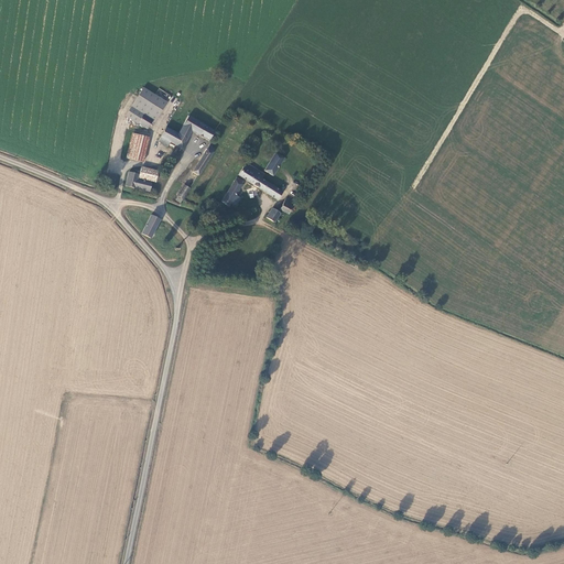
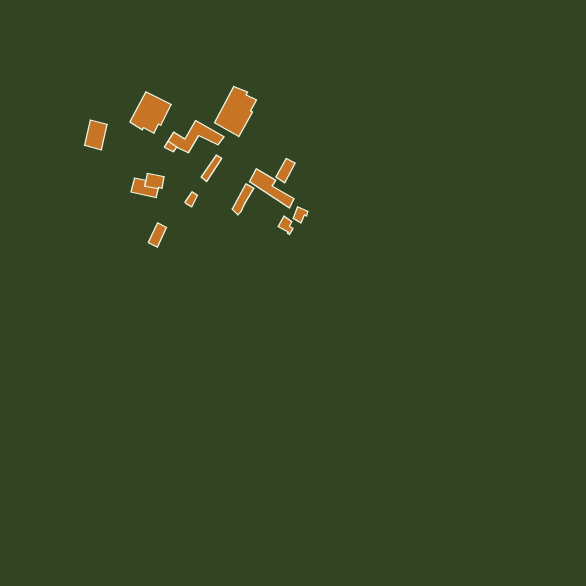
building: none -> [215,86,256,137]
building: [128,132,150,161] -> [84,120,107,150]

